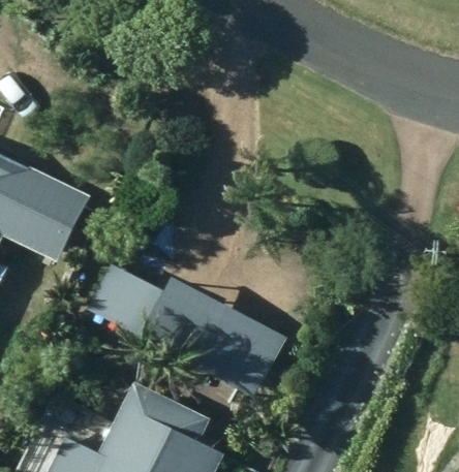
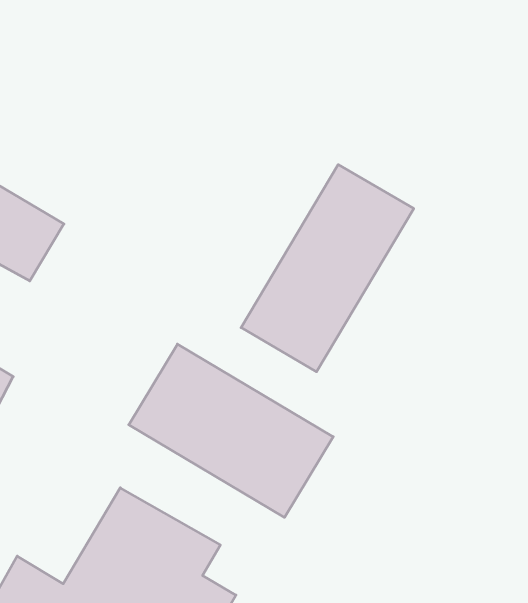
building: none -> [241,165,414,372]

